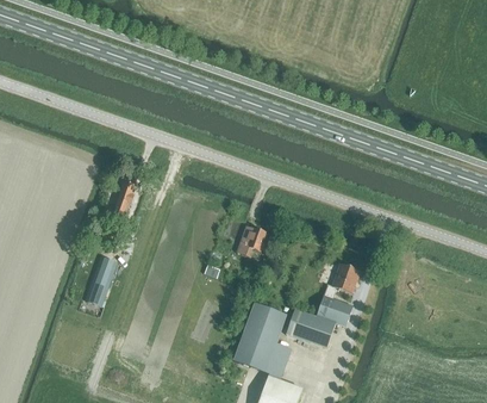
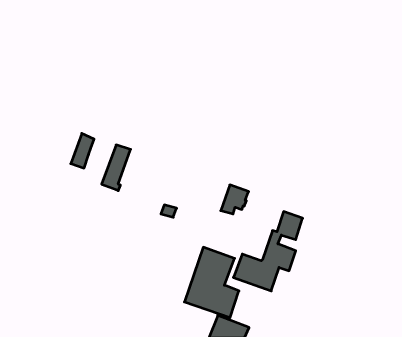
building: [237,224,267,255] -> [221,185,249,214]
building: [86,256,117,305] -> [102,145,131,191]

